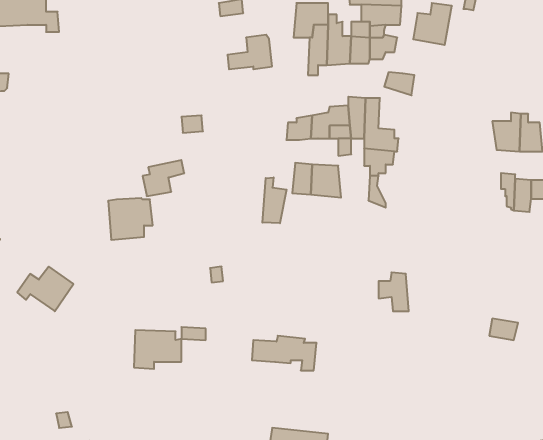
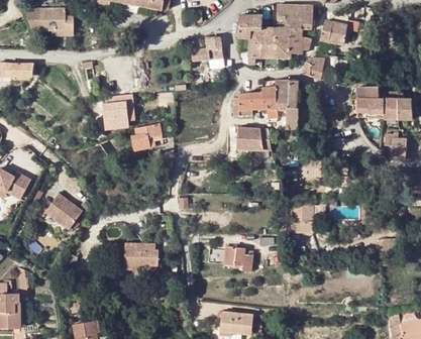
building: none -> [356,87,380,117]
building: [262,177,287,223] -> none
building: [108,198,153,240] -> [104,100,135,129]

